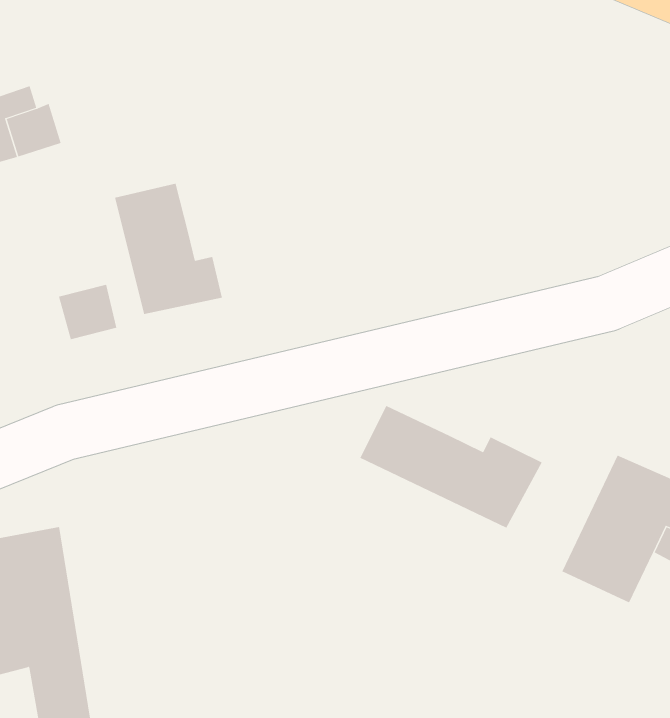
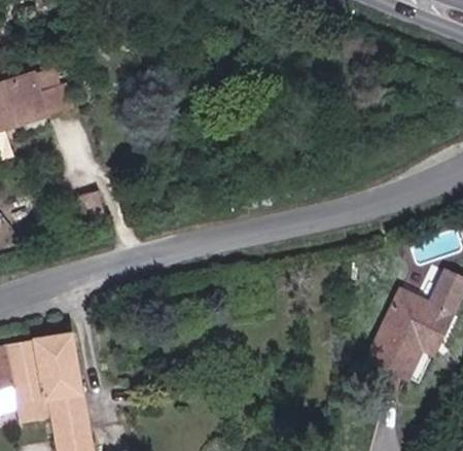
building: [114,183,222,315] -> none
building: [360,405,542,528] -> none

